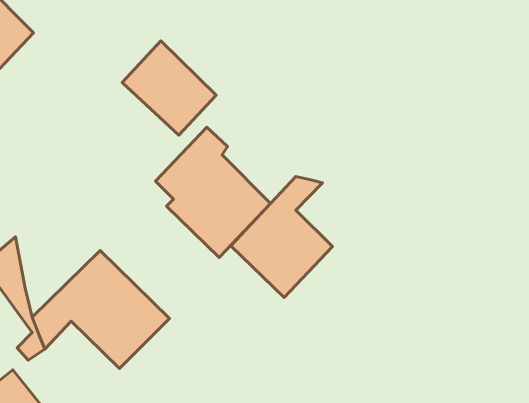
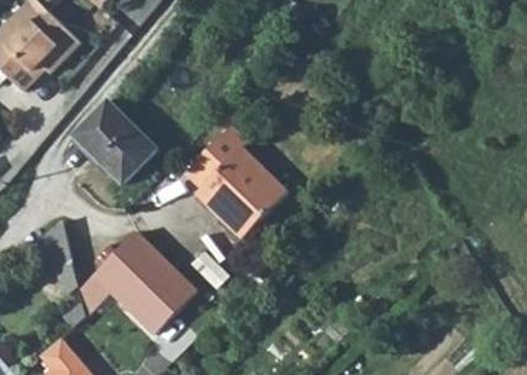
building: [122,41,216,135] -> [75,102,157,184]
building: [231,176,332,298] -> none

